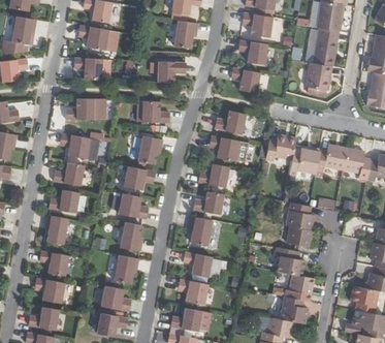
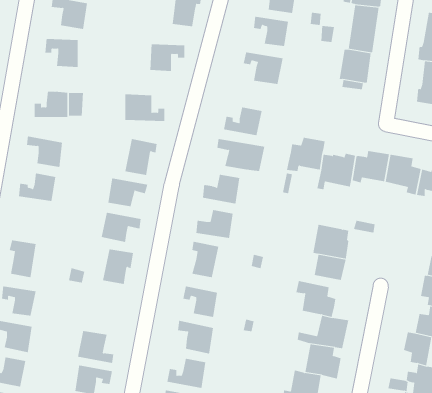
building: [50,190,79,213] -> none
building: [114,254,138,283] -> none

